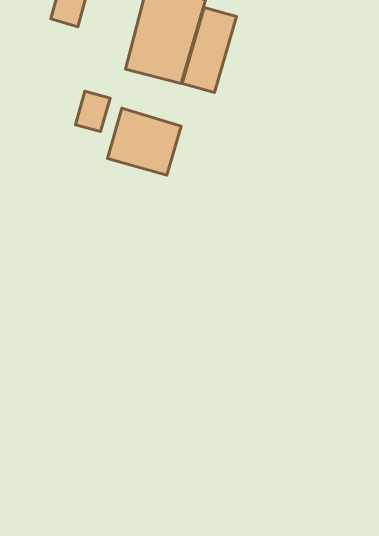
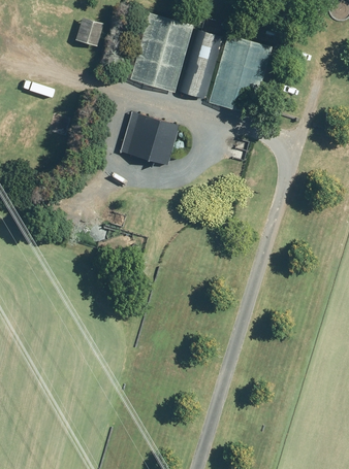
building: none -> [211,36,273,111]
building: [75,91,110,131] -> none

